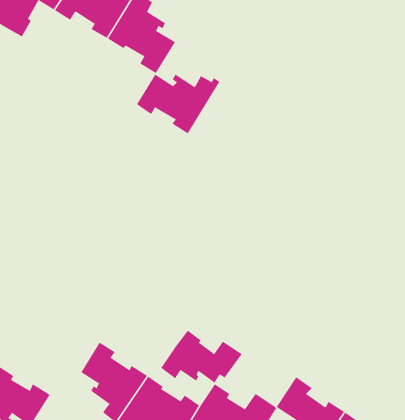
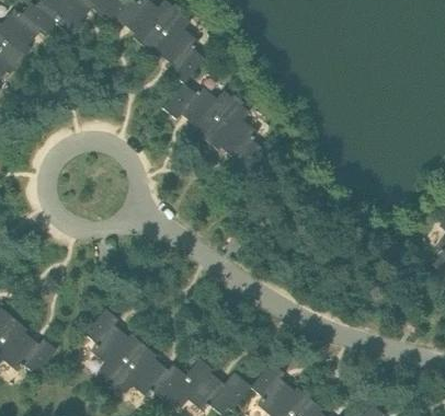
building: none -> [205,97,263,174]
building: [160,330,243,383] -> none

